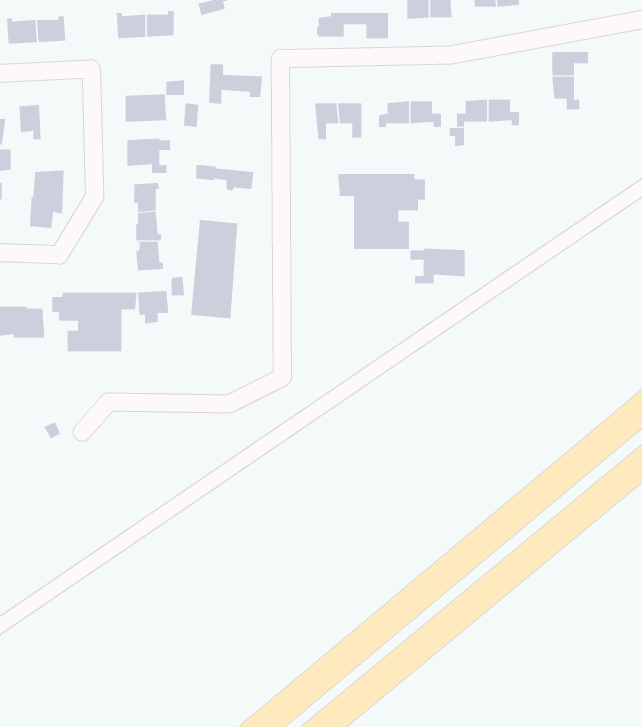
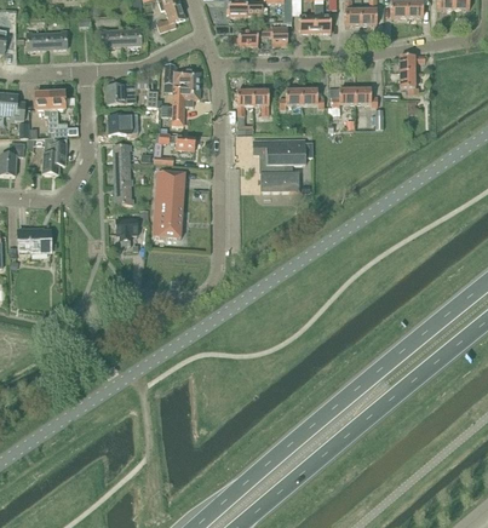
building: none -> [161,81,200,124]
building: none -> [47,90,67,136]
building: [410,248,465,284] -> none
building: [52,292,137,352] -> none

